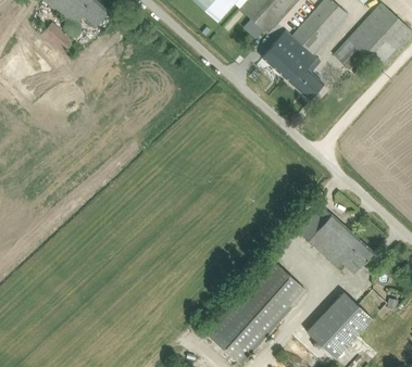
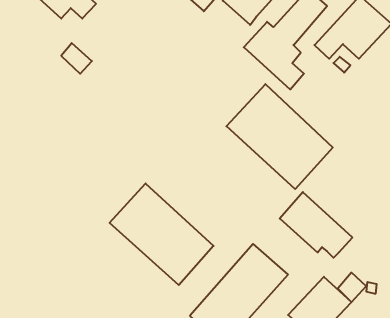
building: [41,21,73,52] -> [61,43,92,74]
building: none -> [226,84,333,189]
building: none -> [110,183,214,285]

